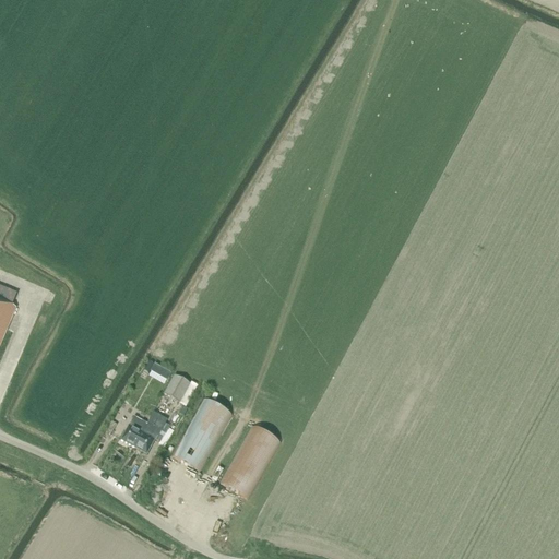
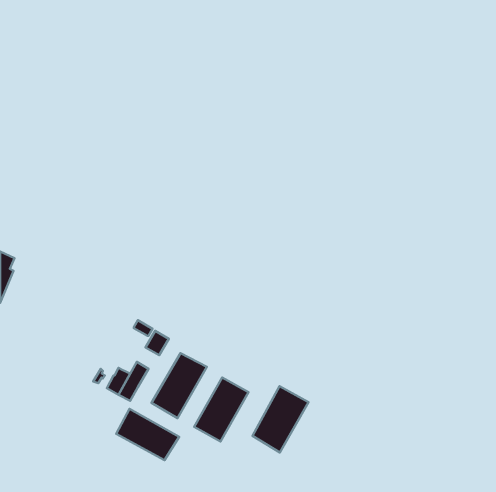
building: none -> [253,386,309,453]
building: none -> [116,409,179,460]

